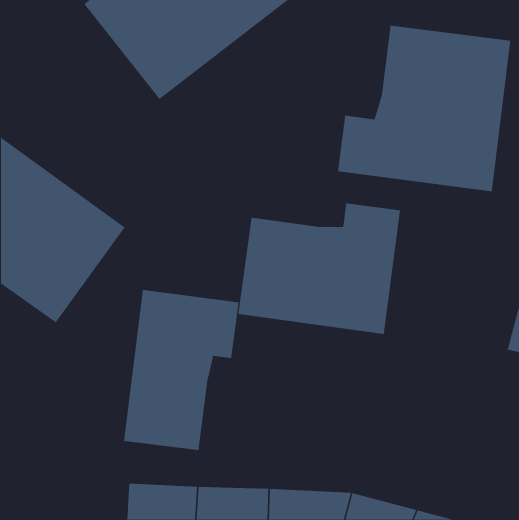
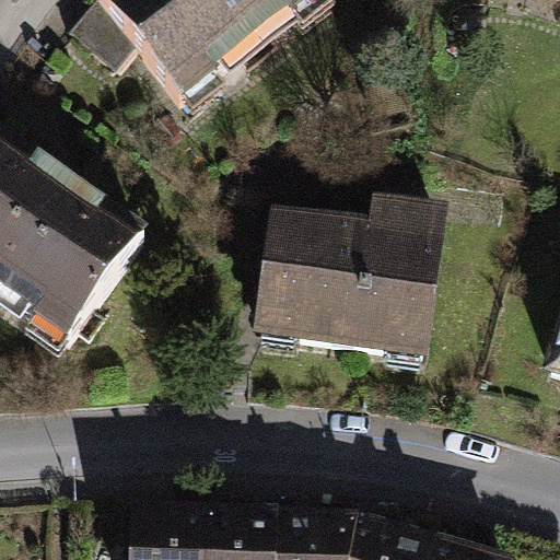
building: [337,25,511,192] -> none
building: [124,289,239,451] -> none

